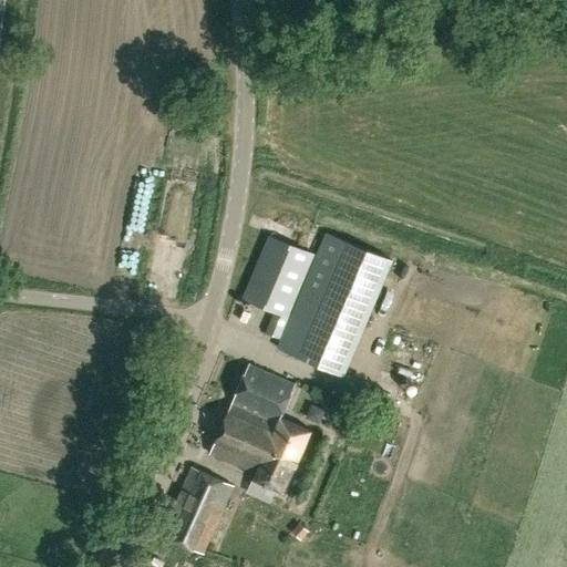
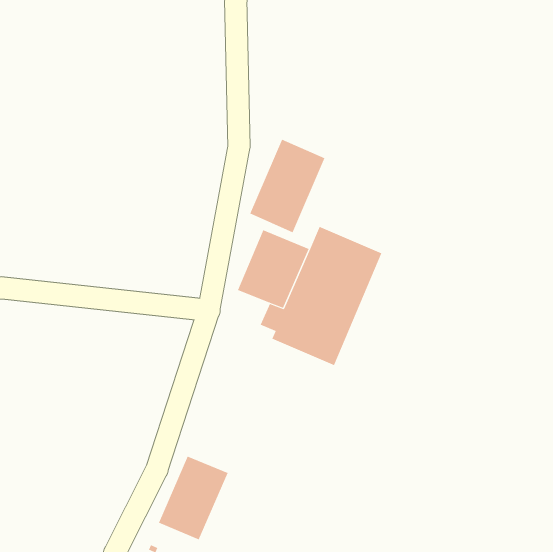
building: none -> [250,139,325,233]
building: [210,365,311,493] -> none

